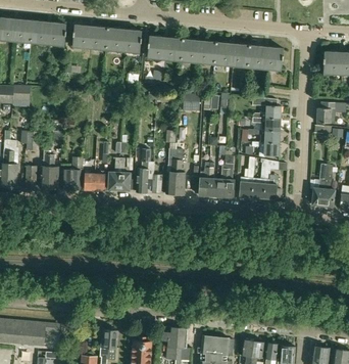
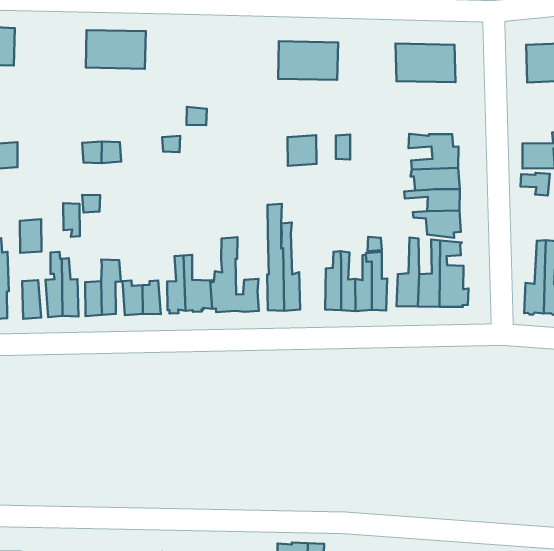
building: [31,20,66,45] -> none
building: [105,28,141,52] -> none
building: [147,36,183,60] -> none
building: [214,42,249,66] -> none

